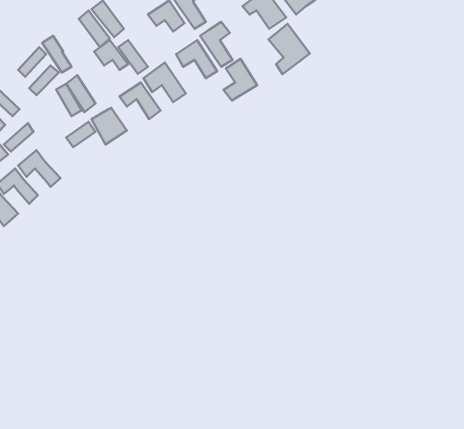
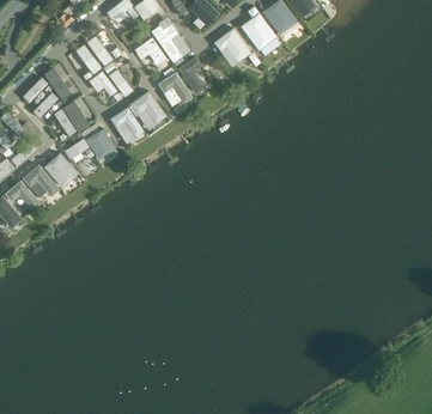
building: [269,24,310,74] -> none
building: [223,59,257,101] -> none
building: none -> [44,151,78,183]

